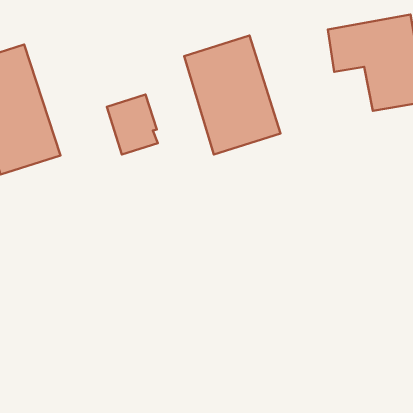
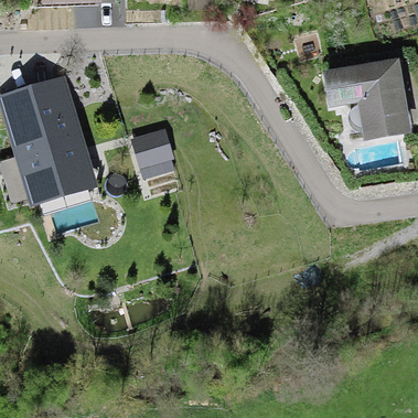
building: [184,36,280,155] -> none

